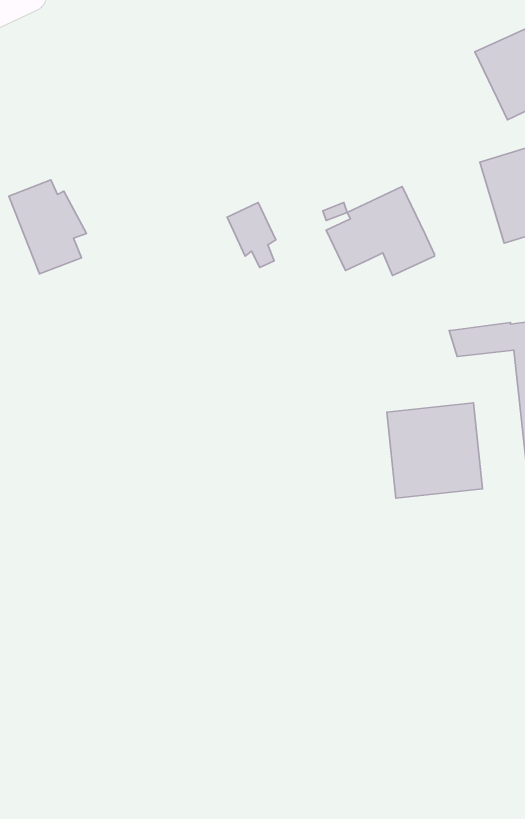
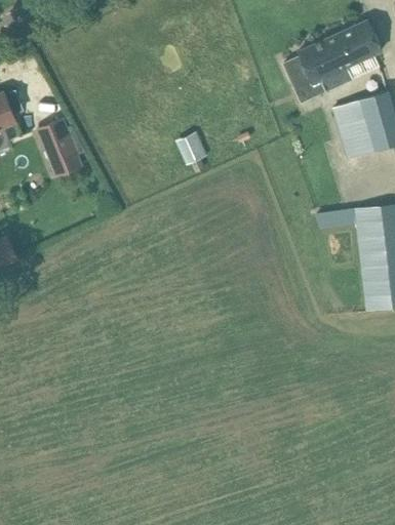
building: [326,186,435,276] -> [283,37,352,93]
building: [387,403,482,498] -> none

